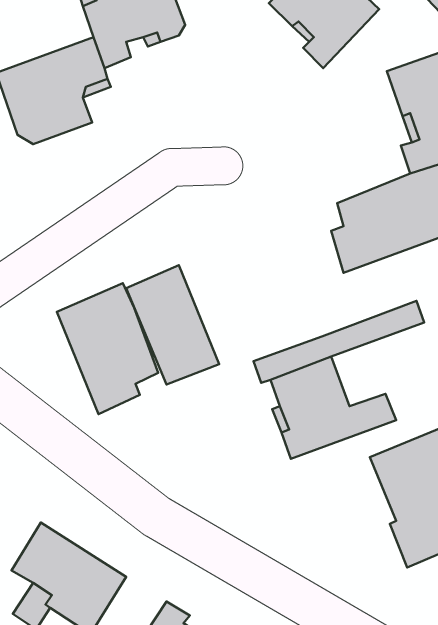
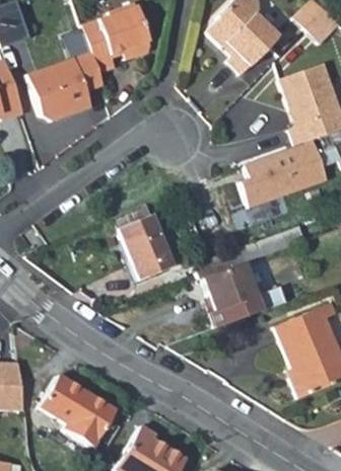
building: [57,283,158,414] -> none

